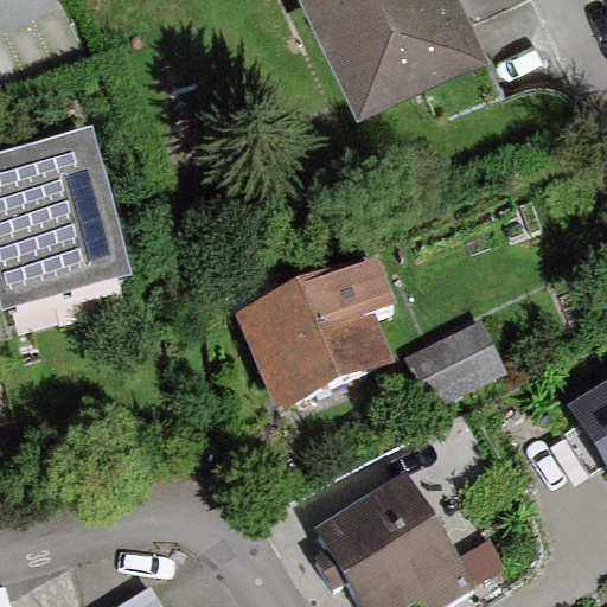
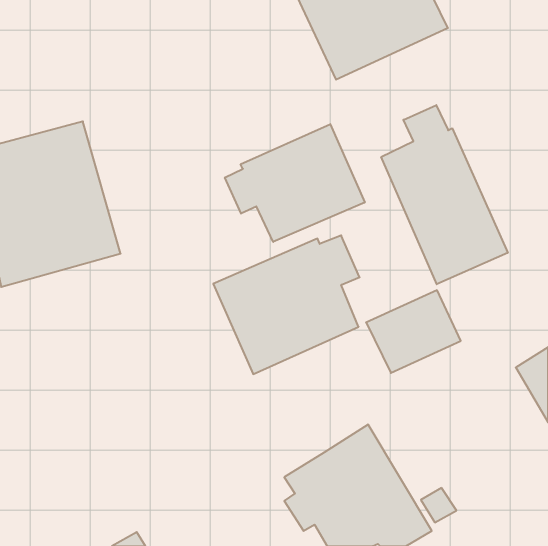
building: none -> [381,105,508,284]
building: none -> [225,124,365,242]

